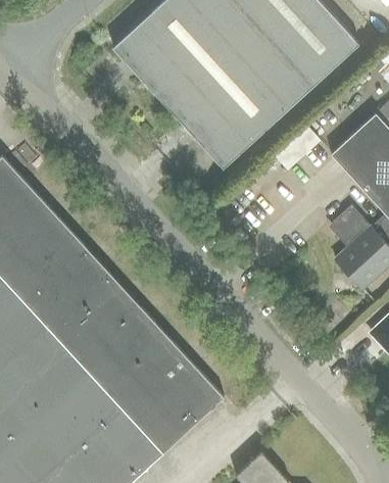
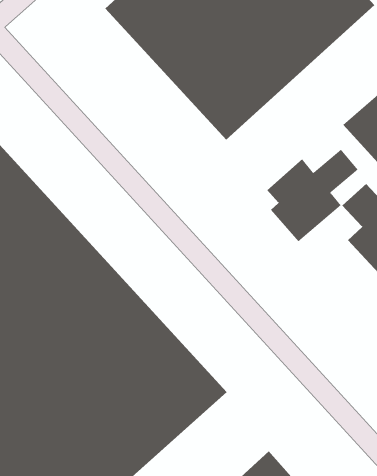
building: none -> [266,149,359,242]

